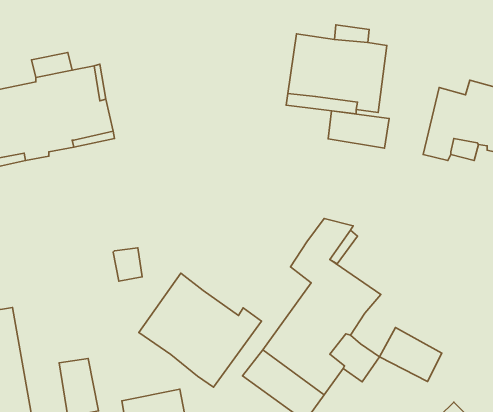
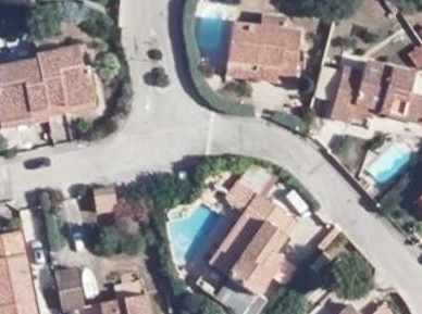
building: [328,111,389,148] -> none
building: [139,273,261,387] -> none
building: [379,327,442,382] -> none

